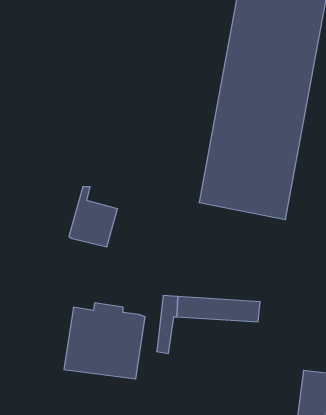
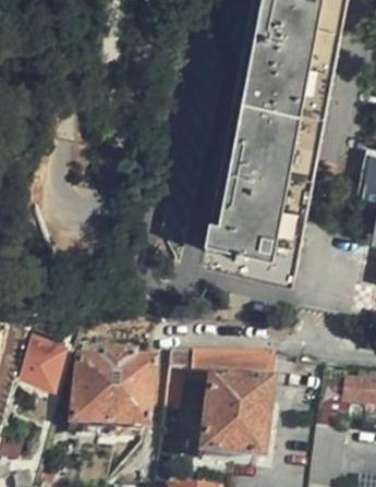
building: [69,187,118,247] -> [16,320,66,382]
building: none -> [197,380,267,462]

